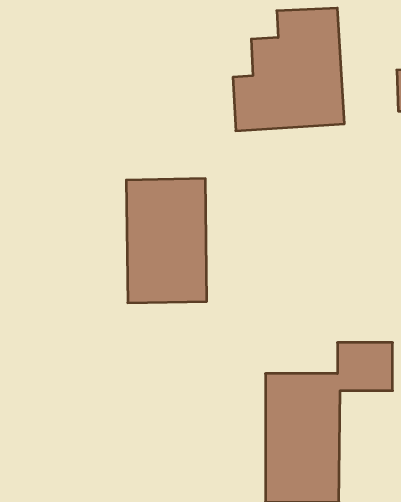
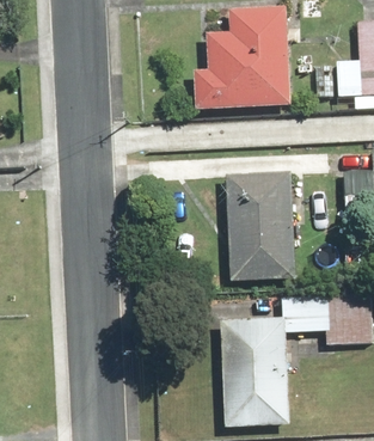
building: [126,179,207,303] -> [225,172,293,277]

